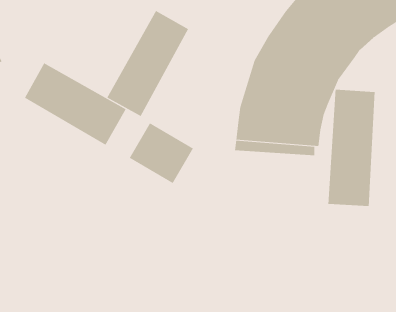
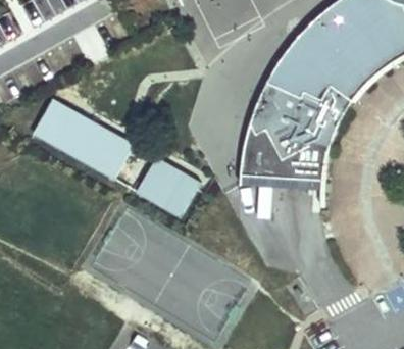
building: [107,10,189,117] -> none
building: [328,89,375,207] -> none

